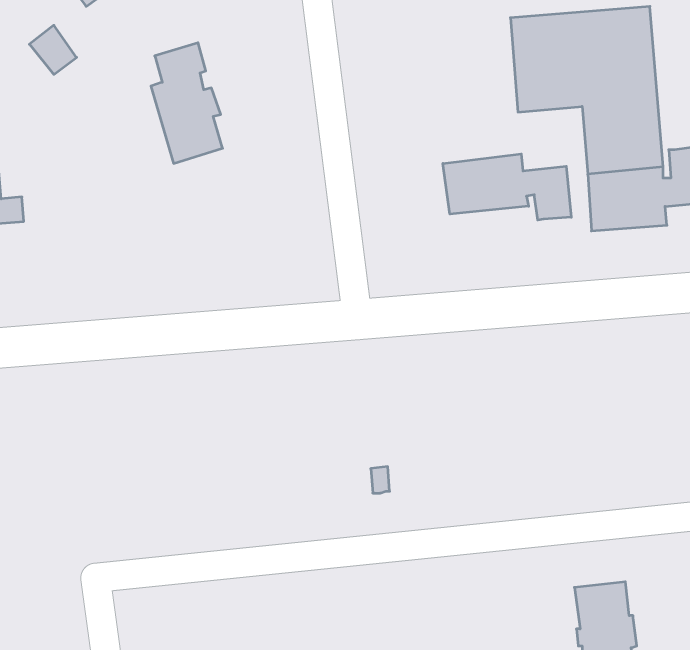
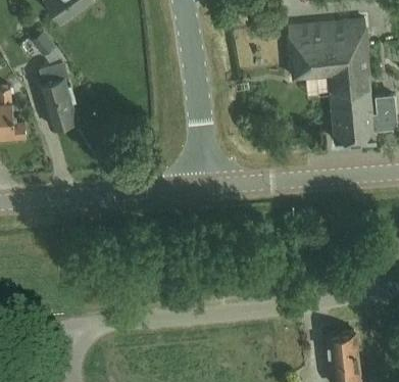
building: [151,43,223,163] -> [38,62,77,128]
building: [443,154,571,220] -> none

